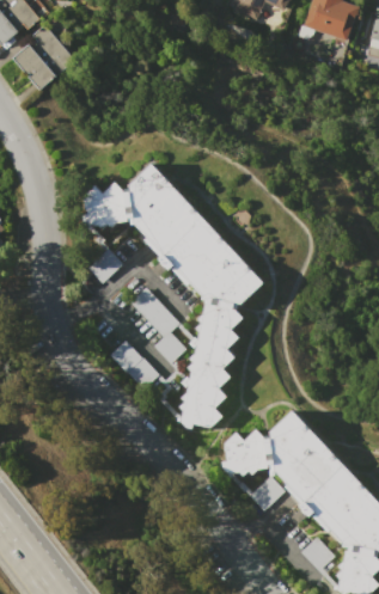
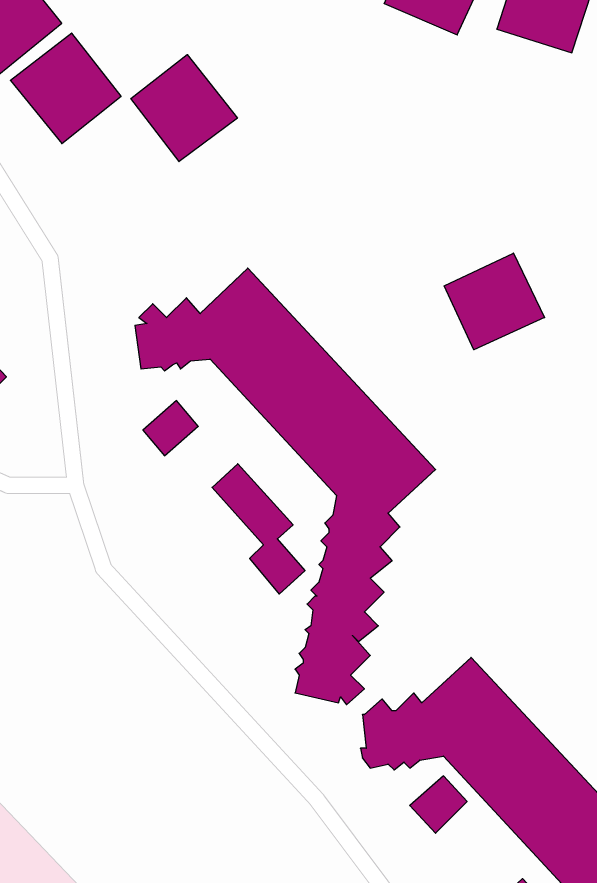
building: none -> [131,55,237,162]
building: none -> [444,253,545,350]
building: [109,337,157,386] -> none

